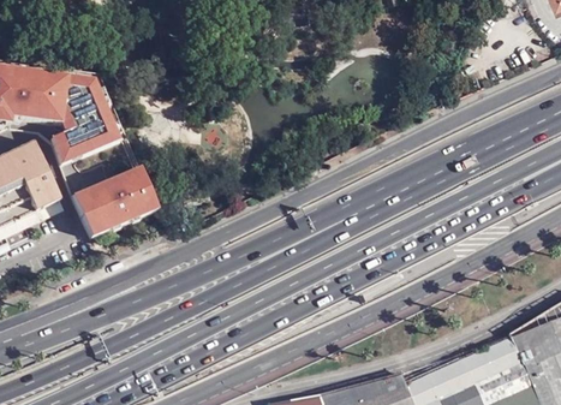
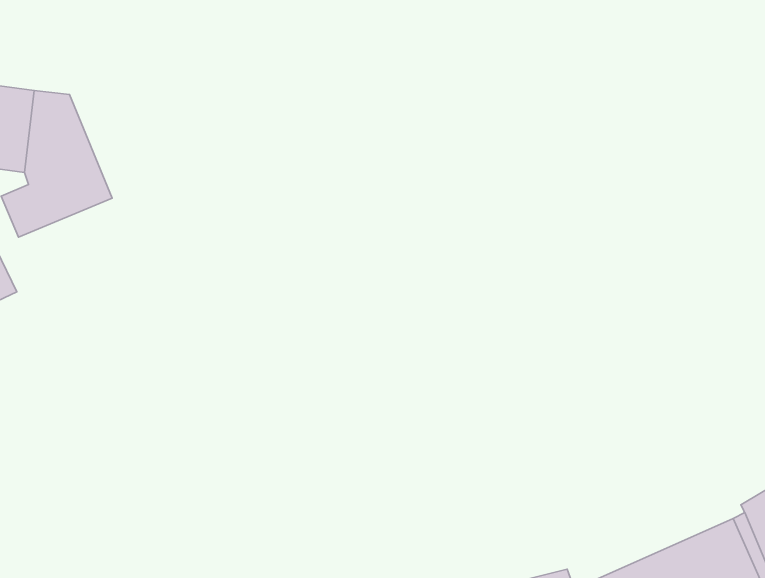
building: [73,168,160,238] -> none

